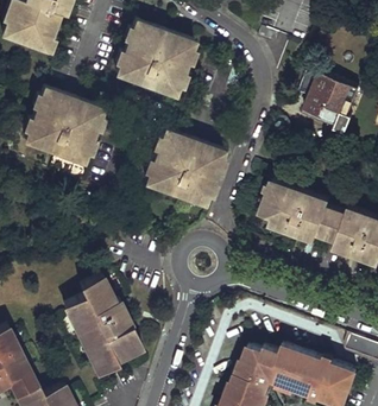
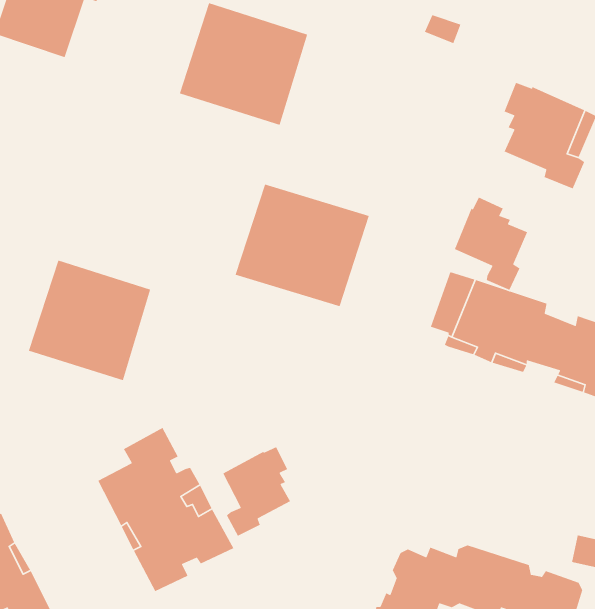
building: [27,94,101,166] -> [28,259,151,381]
building: none -> [454,196,528,291]
building: none -> [222,446,291,537]

